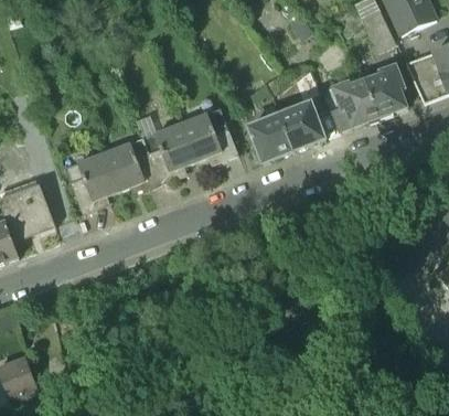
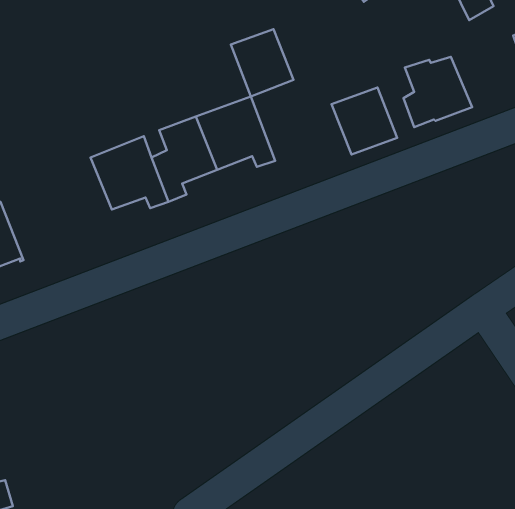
building: [365,63,407,115] -> none
building: [248,113,293,161] -> [231,29,293,97]
building: [65,151,120,213] -> none

